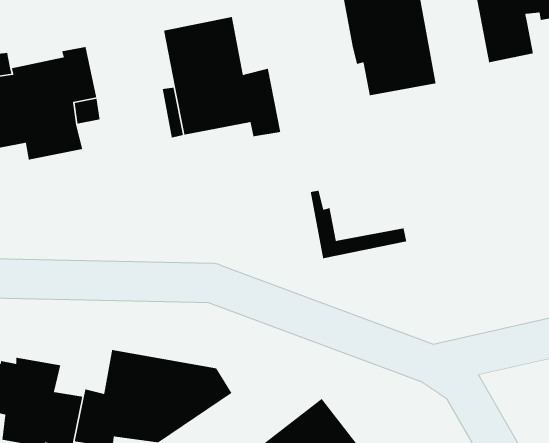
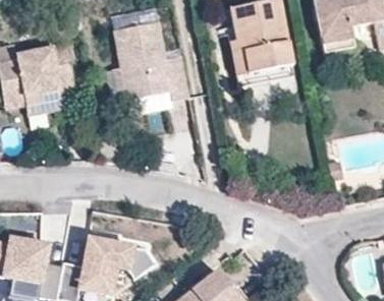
building: [310,190,407,259] -> [231,39,294,83]

